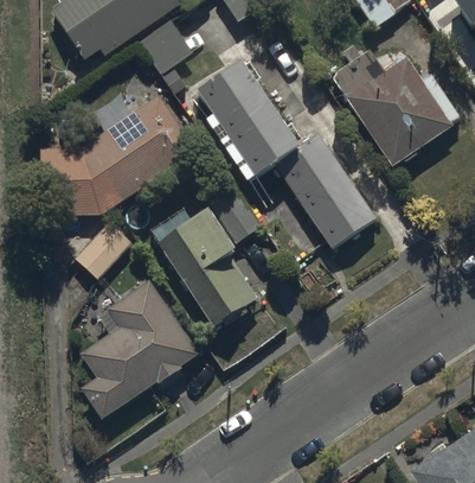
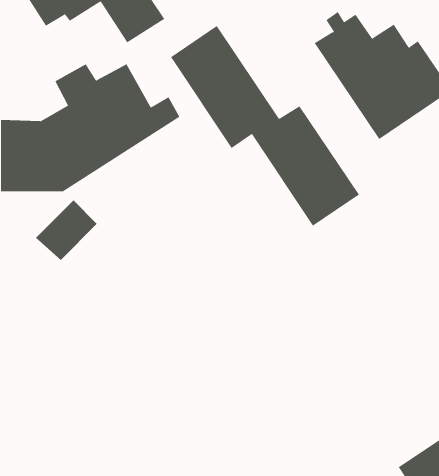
building: [159,192,261,326] -> none
building: [81,281,200,419] -> none

